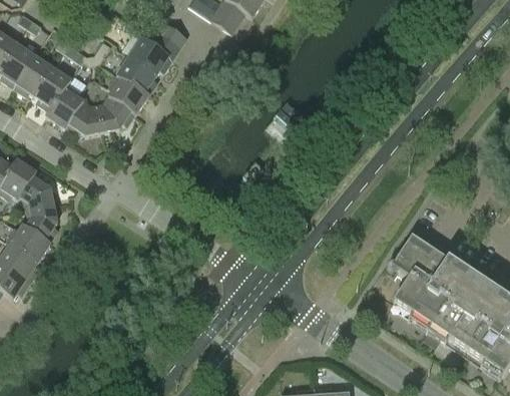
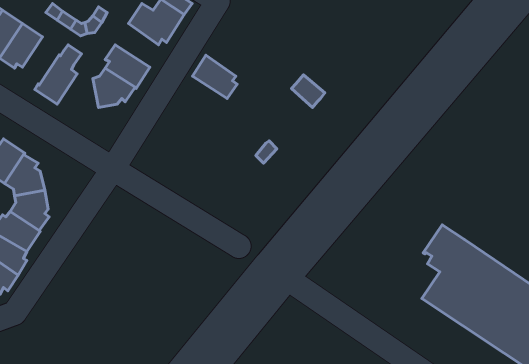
building: [116,54,156,93] -> [192,55,237,99]
building: [33,66,70,109] -> none
building: [65,99,101,133] -> none

